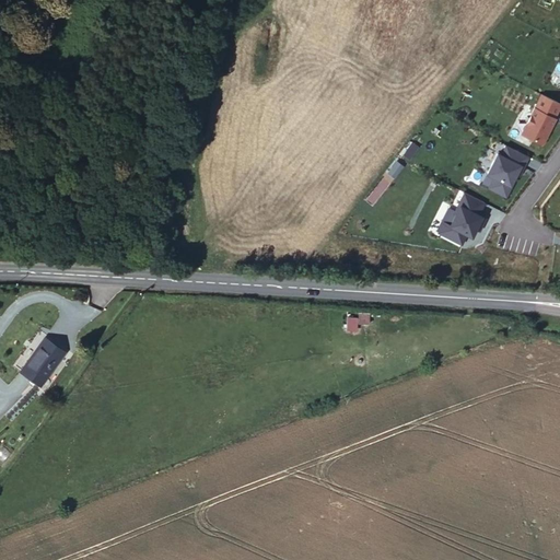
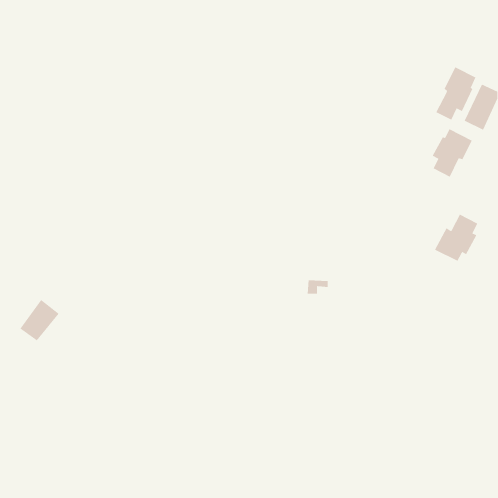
building: none -> [436,66,476,121]
building: [435,192,485,246] -> [434,214,478,262]

